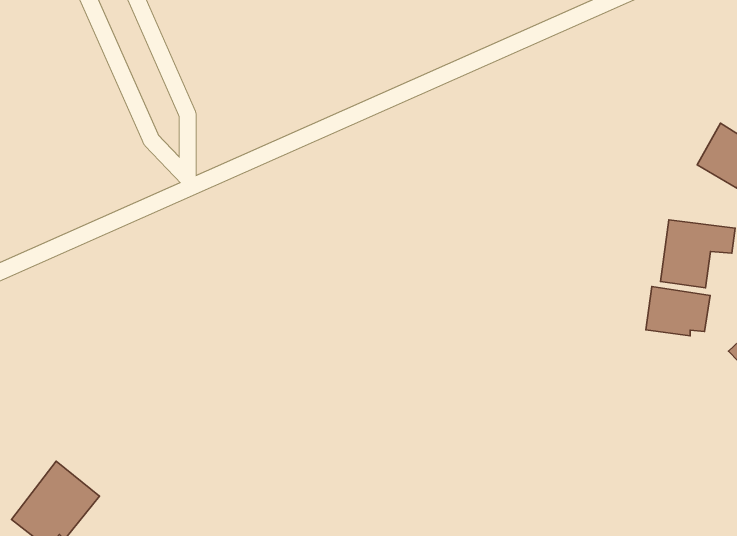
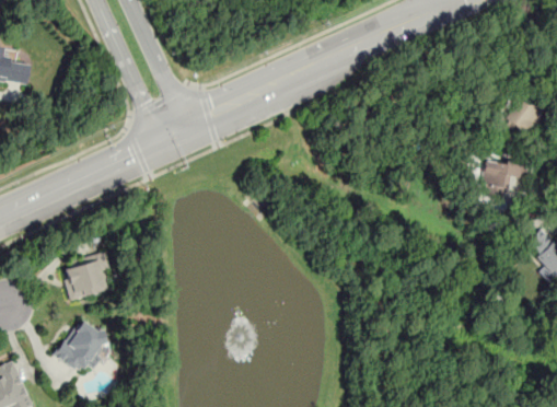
building: [646,286,710,336] -> none
building: none -> [63,252,111,302]

